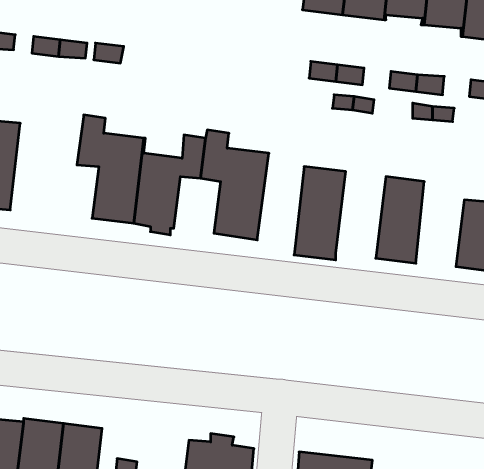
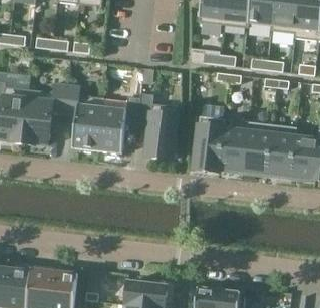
building: none -> [22,83,66,144]
building: none -> [266,124,296,176]
building: none -> [218,126,247,171]

